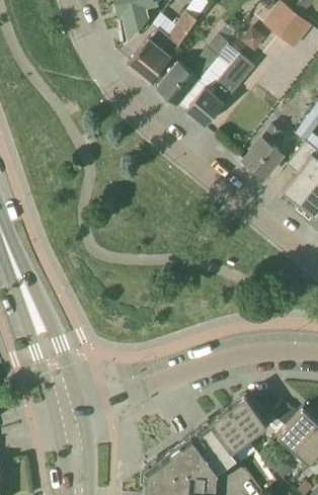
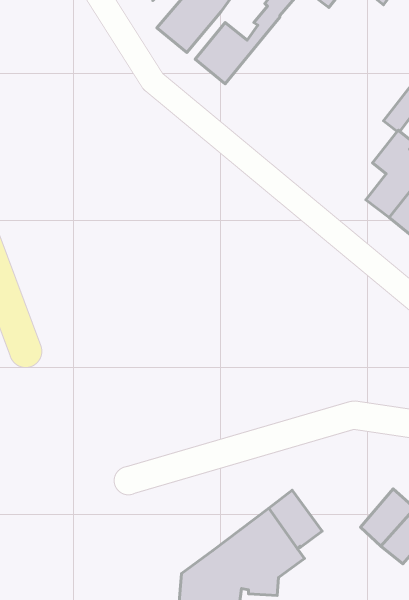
building: [187,53,256,126] -> none
building: [244,125,283,176] -> none
building: [228,394,268,437] -> none

